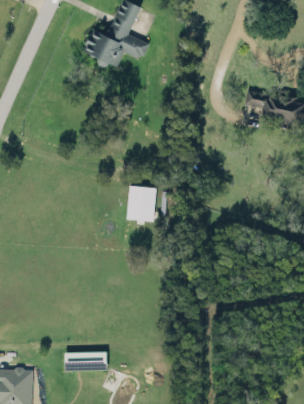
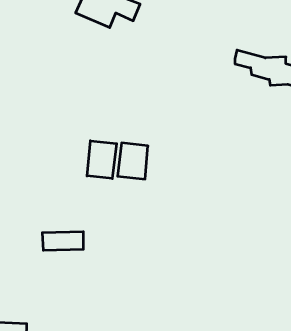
building: none -> [87,141,117,179]
building: [64,353,106,372] -> [42,232,83,250]

